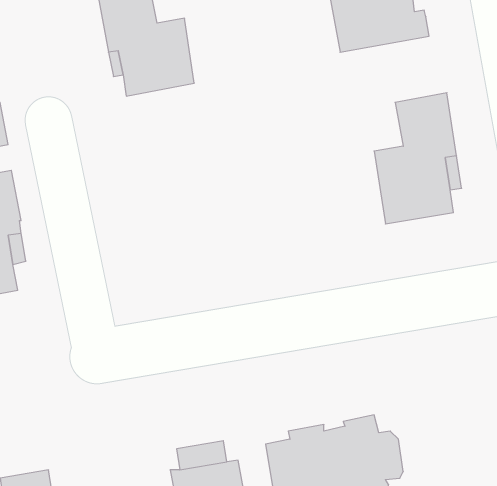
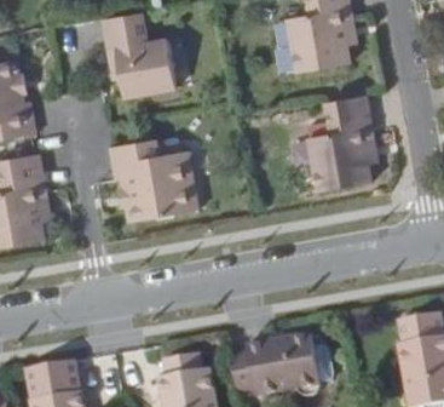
building: none -> [113,141,197,223]

